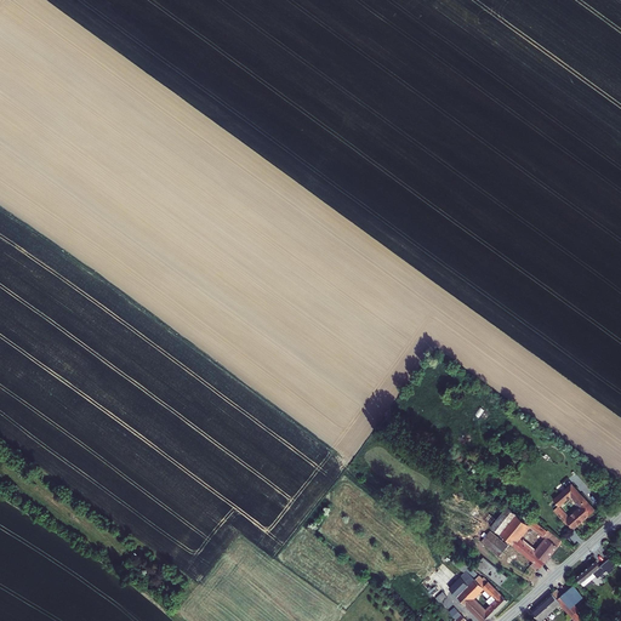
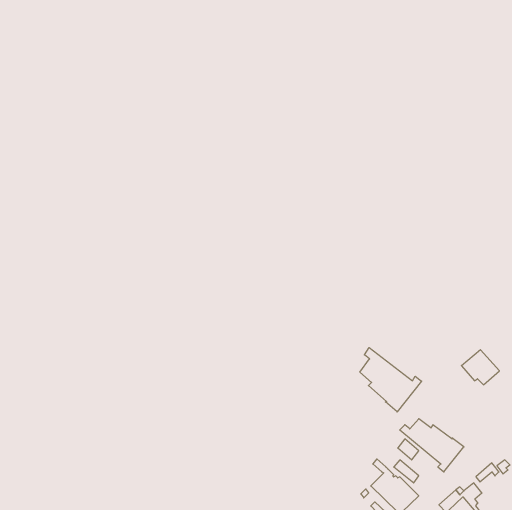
building: none -> [360,348,422,412]
building: [548,486,594,529] -> [461,350,499,385]

